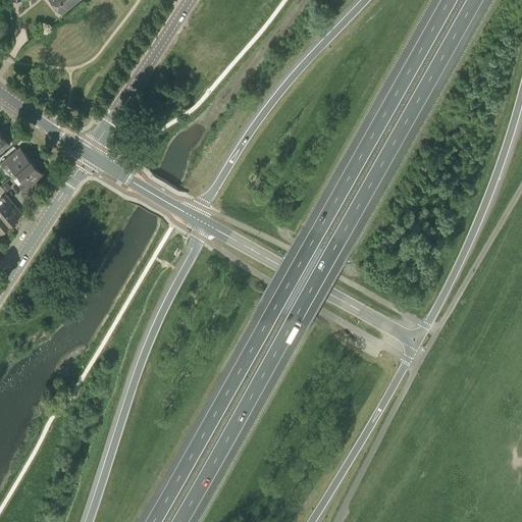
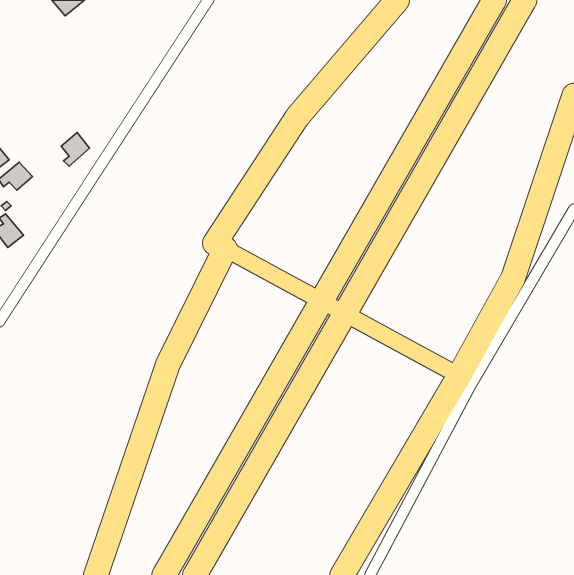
building: [15,160,41,191] -> [61,133,89,166]

